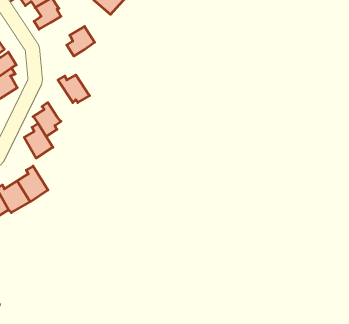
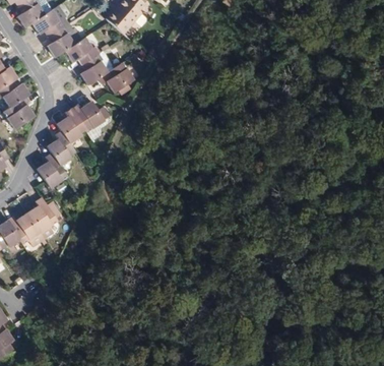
building: none -> [64,35,99,61]
building: none -> [98,60,134,93]
building: none -> [57,107,86,144]

